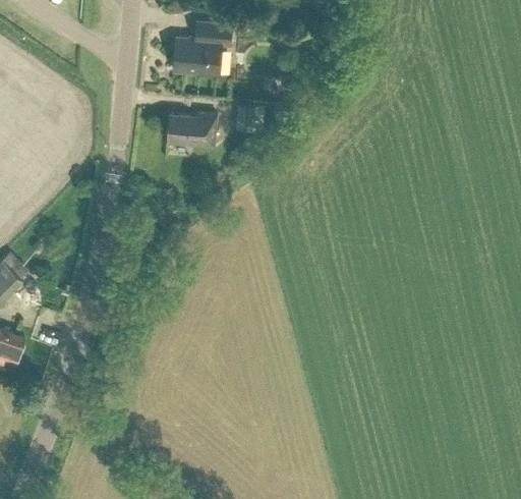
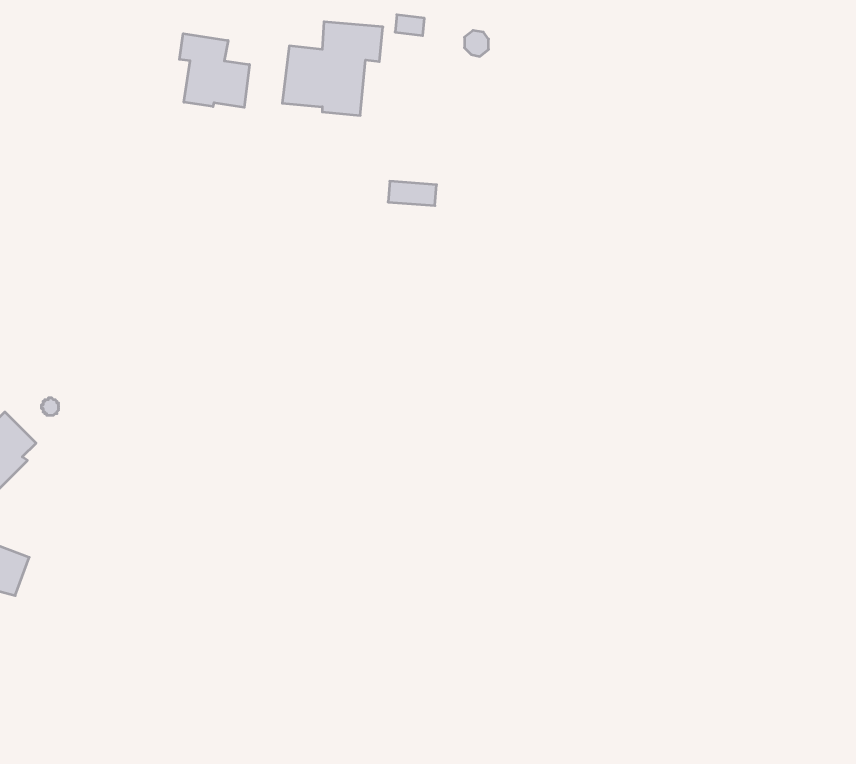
building: none -> [179,34,249,107]
building: [166,113,217,148] -> none

